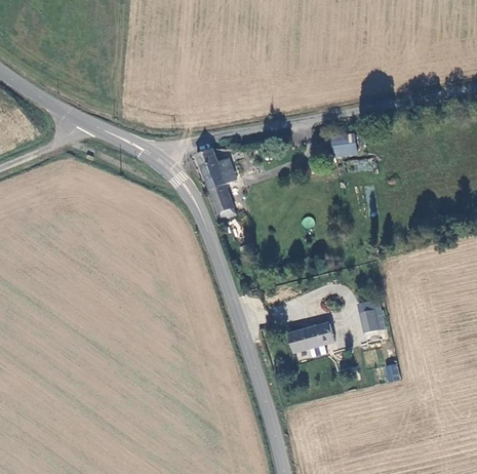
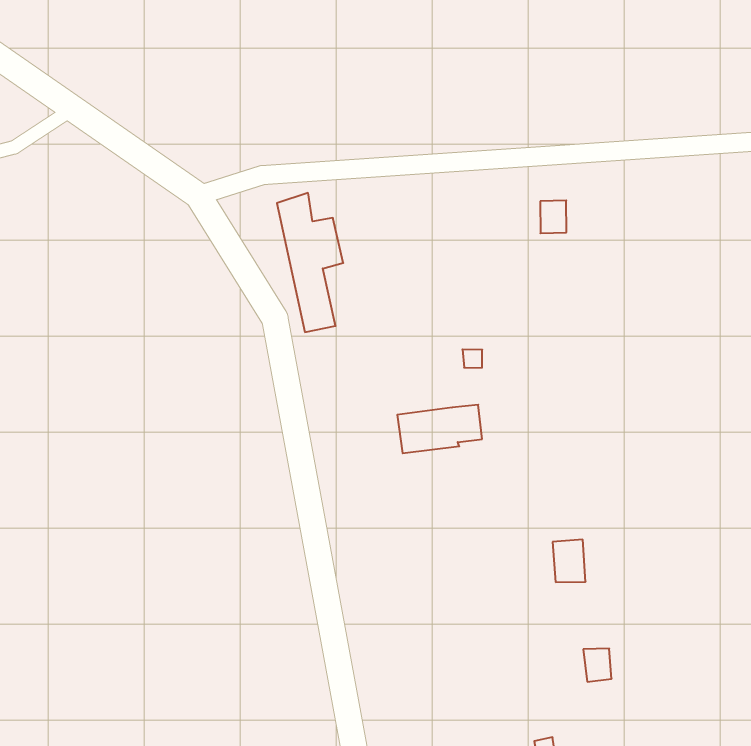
building: [289,322,334,352] -> [397,405,482,453]

